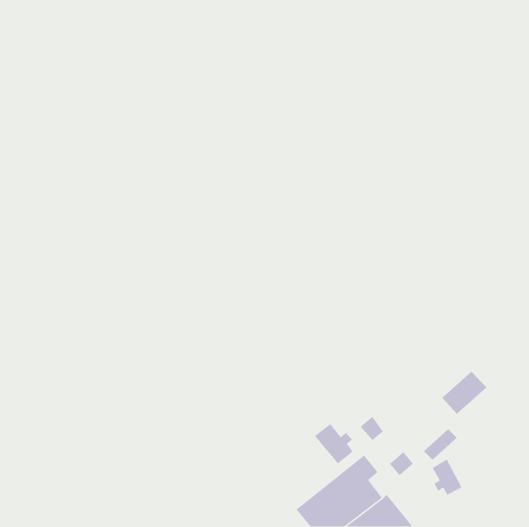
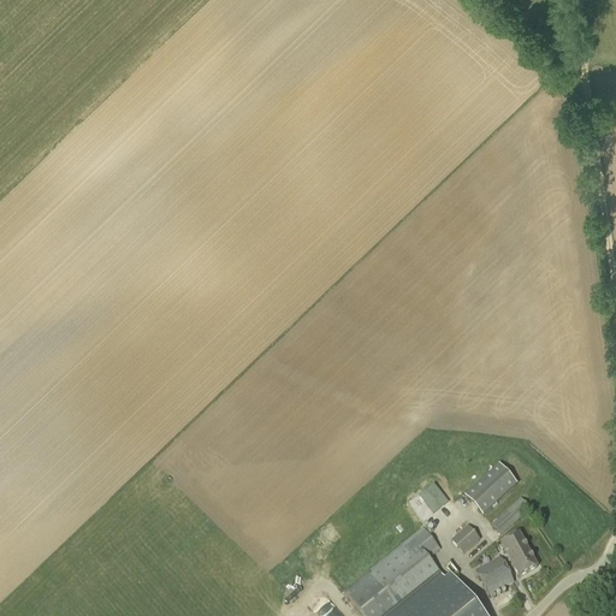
building: [441,371,487,414] -> [466,463,519,514]
building: [314,423,354,465] -> none
building: none -> [476,556,515,594]

